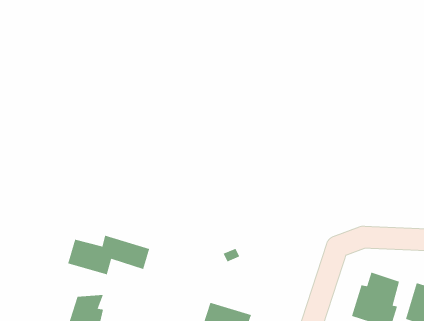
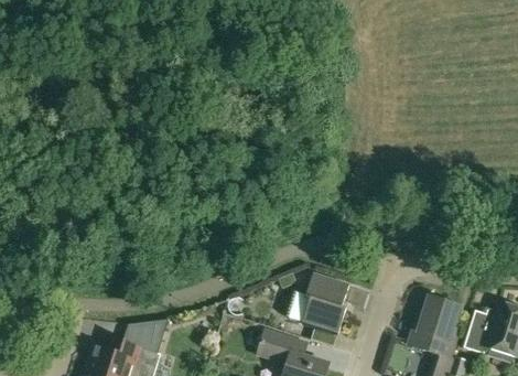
building: [67,235,150,275] -> none
building: none -> [294,273,348,333]

